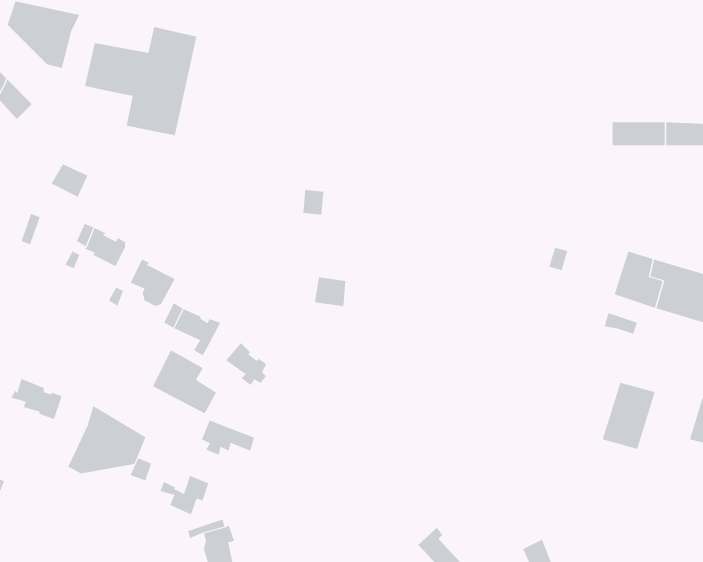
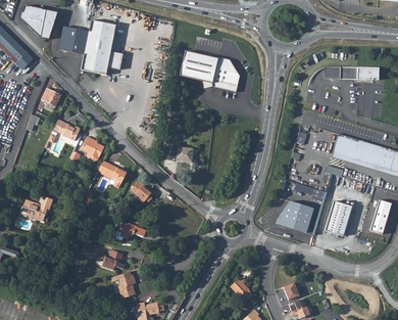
building: none -> [178,50,239,91]
building: [152,350,217,414] -> none
building: none -> [276,200,314,232]
building: [67,405,146,474] -> none

